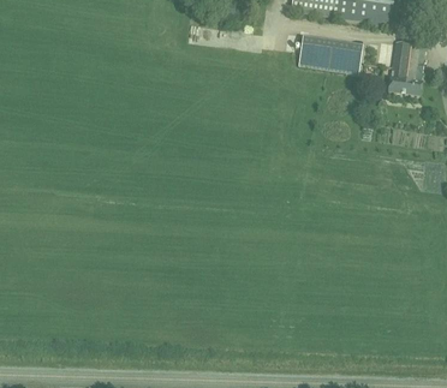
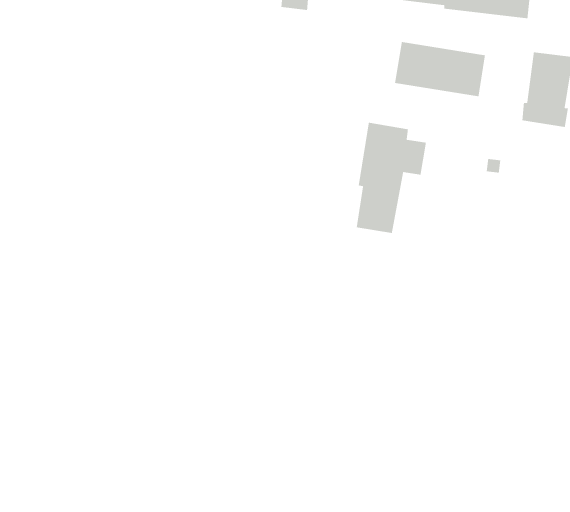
building: none -> [356,122,427,234]

